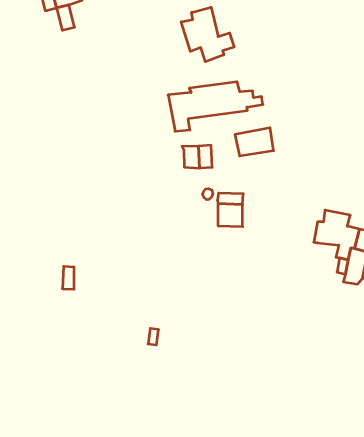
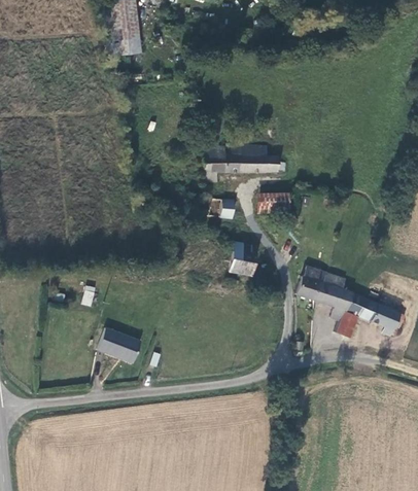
building: [181,7,234,62] -> none
building: none -> [297,266,326,299]
building: none -> [97,328,140,363]

